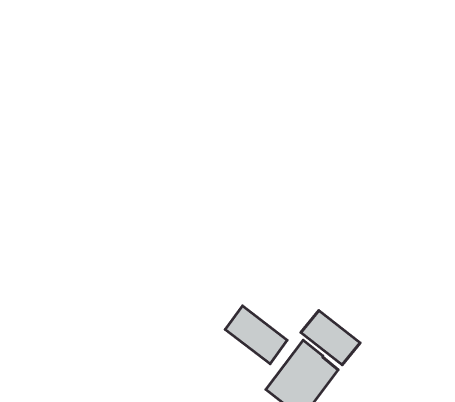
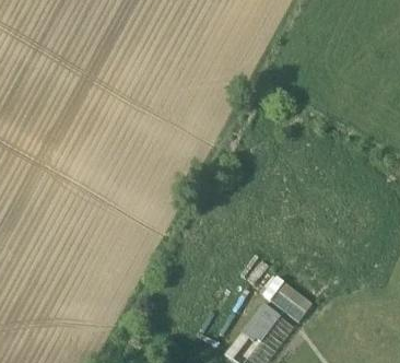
building: [225,306,287,364] -> none

